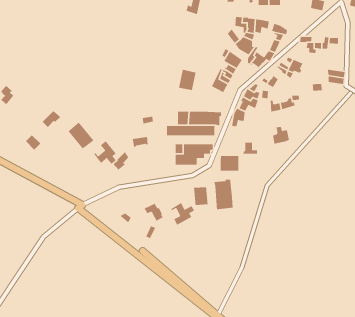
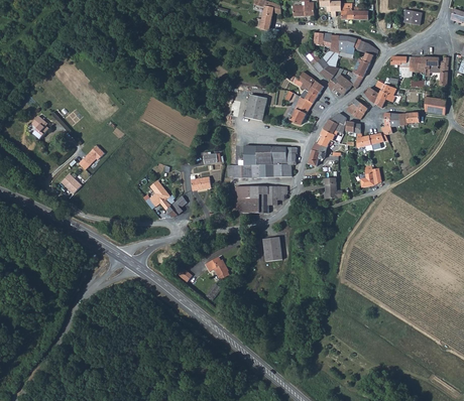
building: [67,121,94,149] -> none
building: [220,155,239,171] -> none
building: [213,179,233,210] -> none
building: [170,202,195,226] -> none

